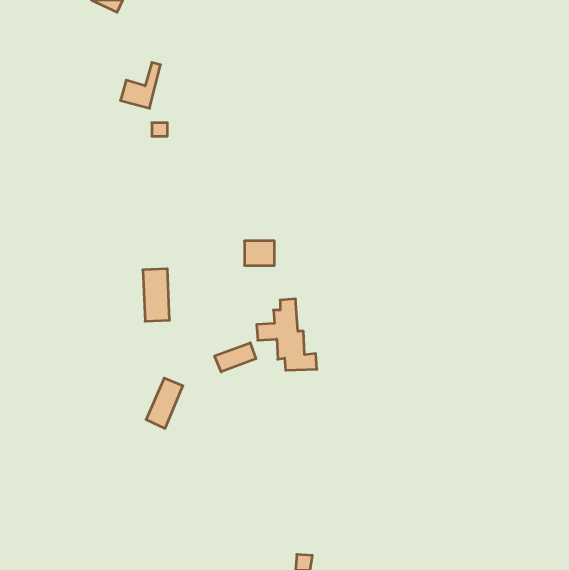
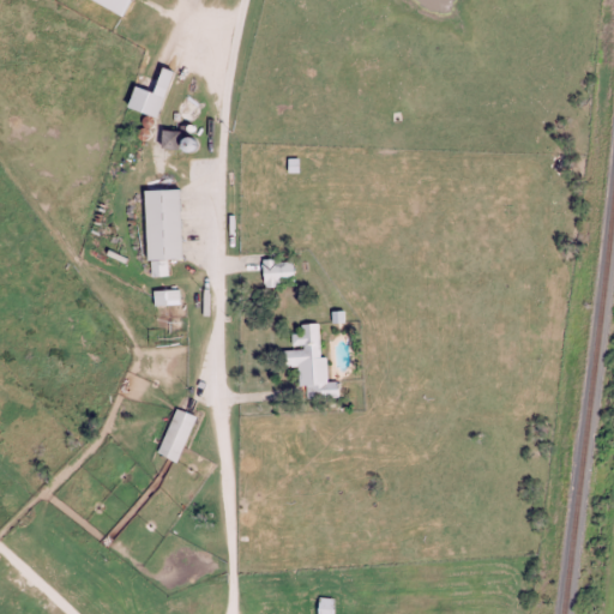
building: none -> [146,188,182,276]
building: [215,343,256,372] -> none

